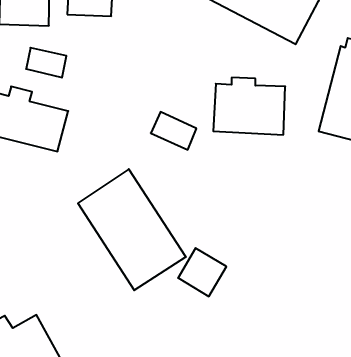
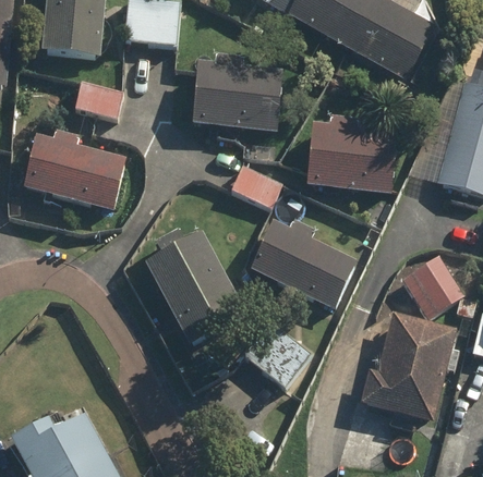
building: none -> [191,52,281,127]
building: none -> [247,220,357,309]
building: none -> [402,252,467,316]
building: none -> [359,313,456,420]

